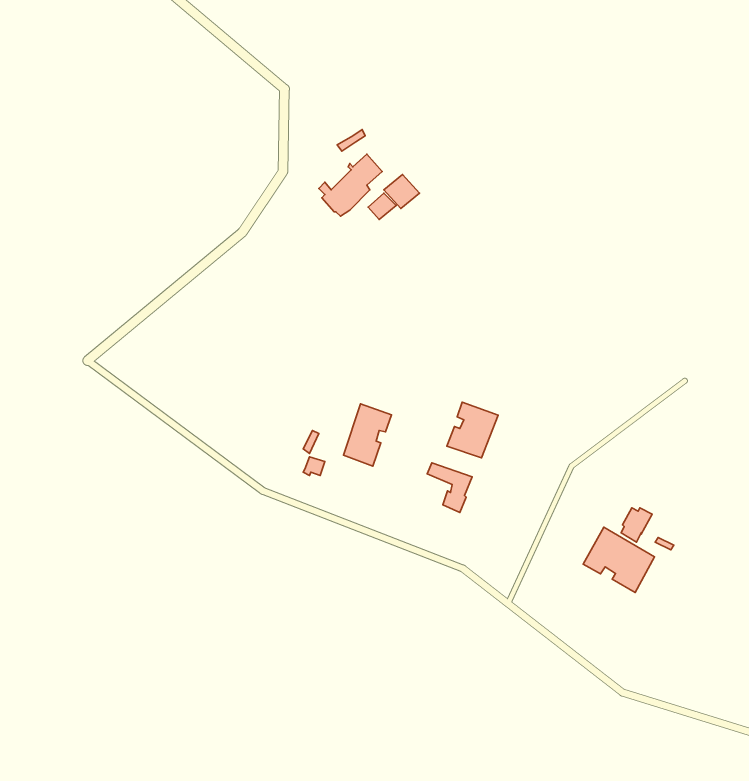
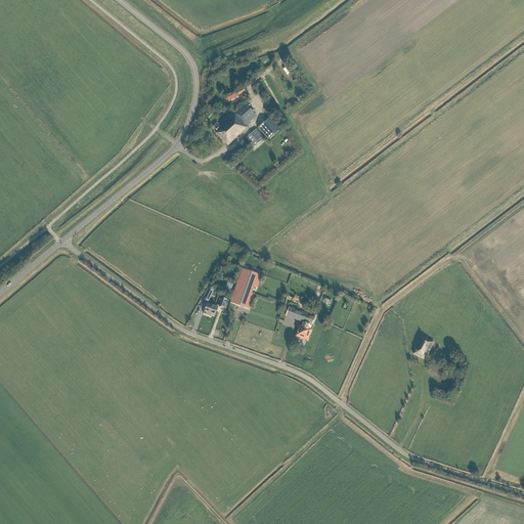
building: [447,402,498,458] -> none
building: [583,527,654,593] -> none

